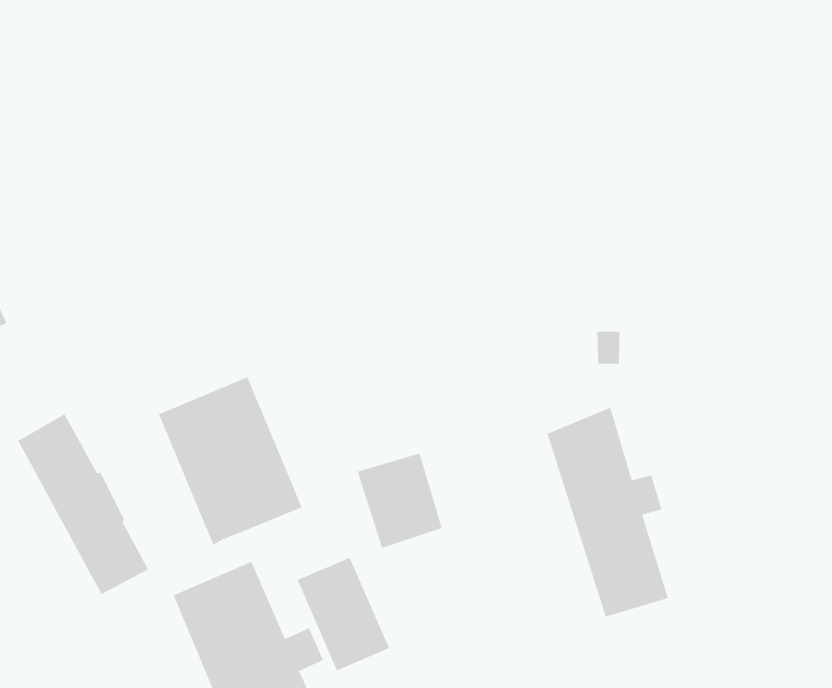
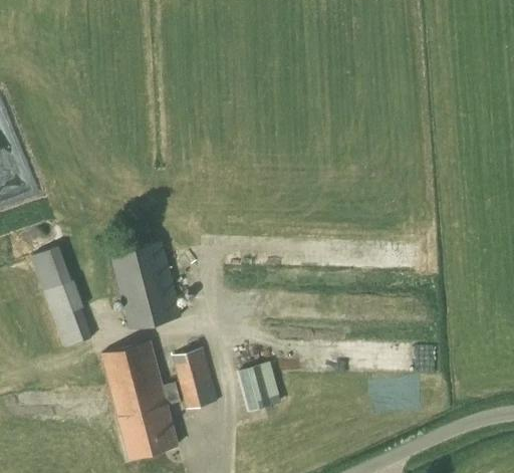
building: [547,407,668,618] -> none
building: [357,453,442,549] -> [245,362,287,411]

